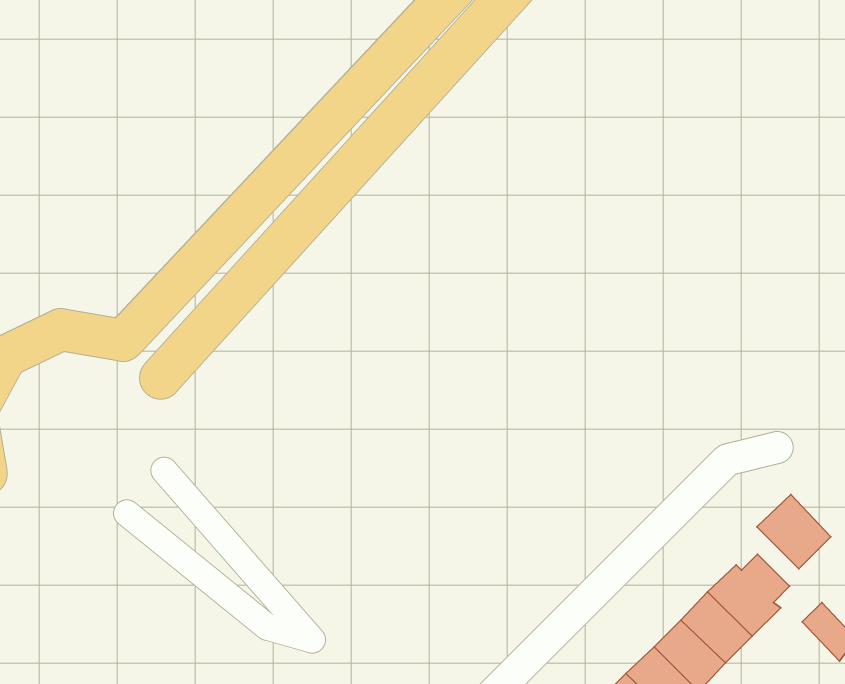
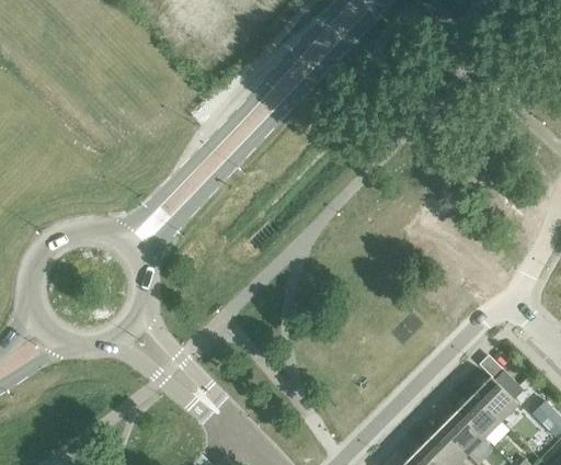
building: [757,495,831,569] -> none

